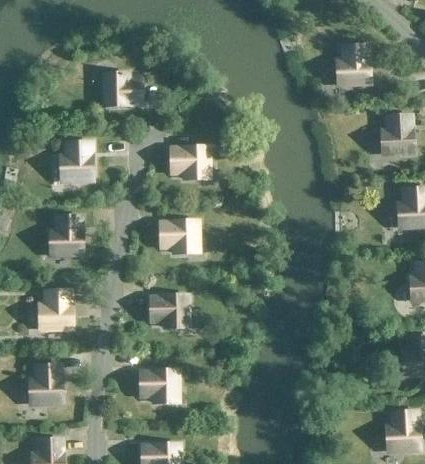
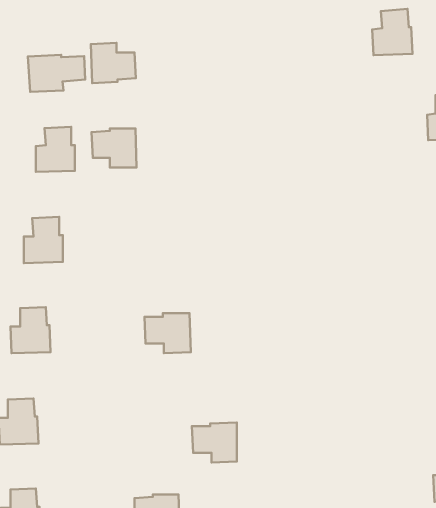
building: none -> [28,55,85,92]
building: [168,147,205,179] -> [92,128,137,167]
building: [157,221,195,253] -> none
building: [137,370,174,403] -> [192,422,237,463]

